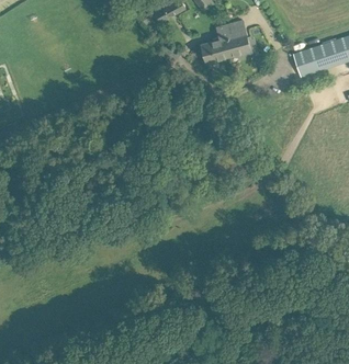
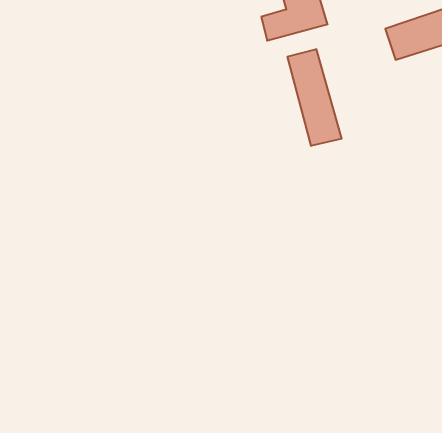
building: none -> [288,49,342,146]

